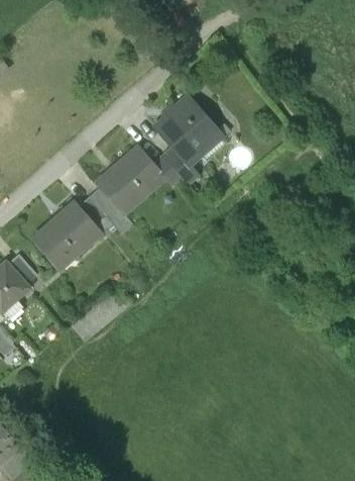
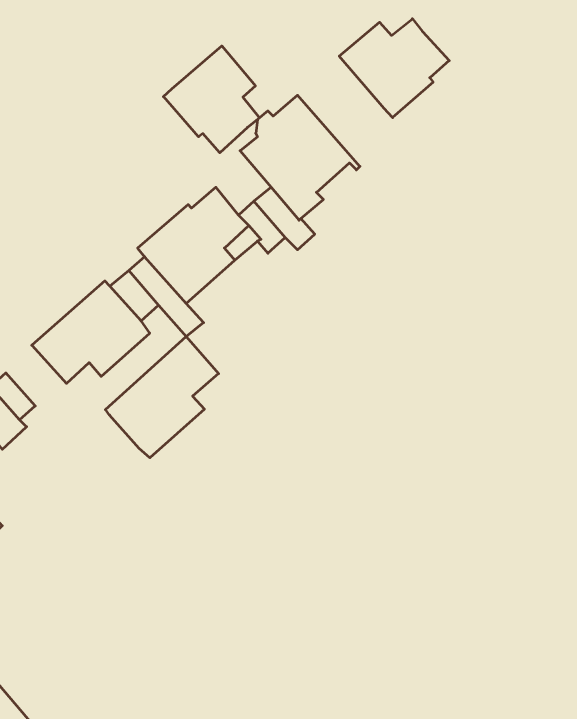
building: none -> [339,19,449,118]
building: none -> [163,46,260,153]
building: none -> [105,337,219,458]

